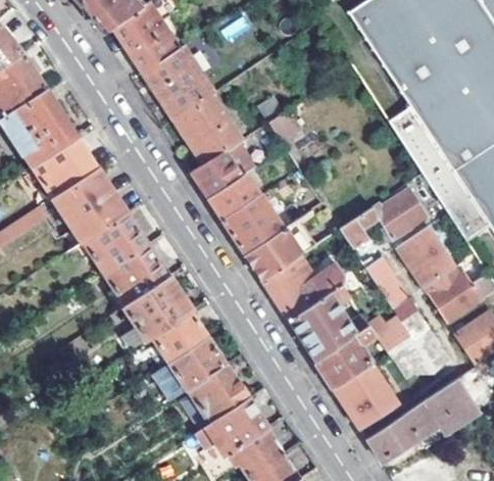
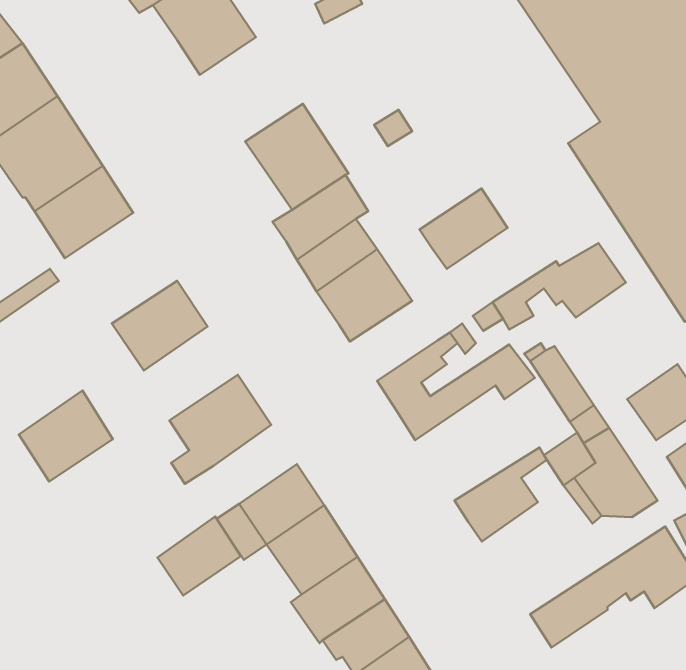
building: [142,47,213,119] -> none
building: [51,167,127,243] -> none
building: [397,225,455,285] -> none
building: [243,227,302,281] -> [419,188,507,269]
building: [104,244,167,305] -> [19,391,113,481]
building: [287,284,370,362] -> none
building: [151,310,207,364] -> [158,517,241,595]
building: [332,363,396,429] -> none

